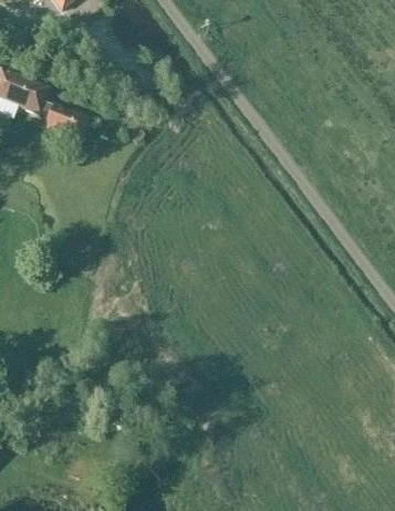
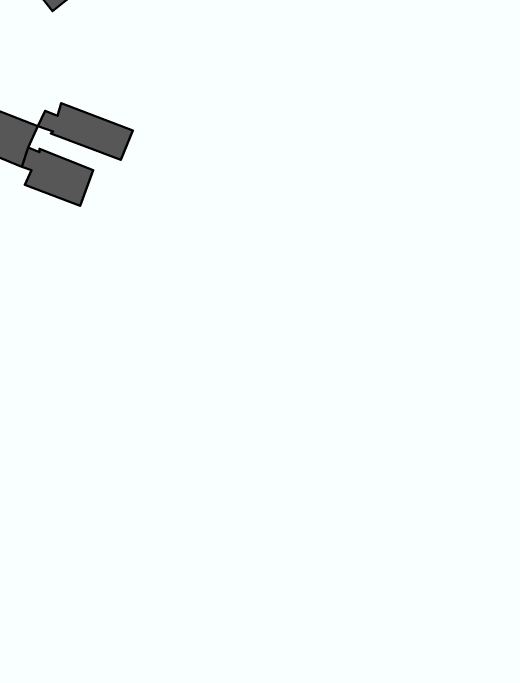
building: none -> [38,103,133,160]

